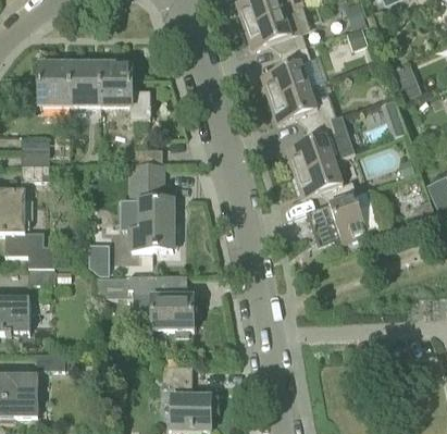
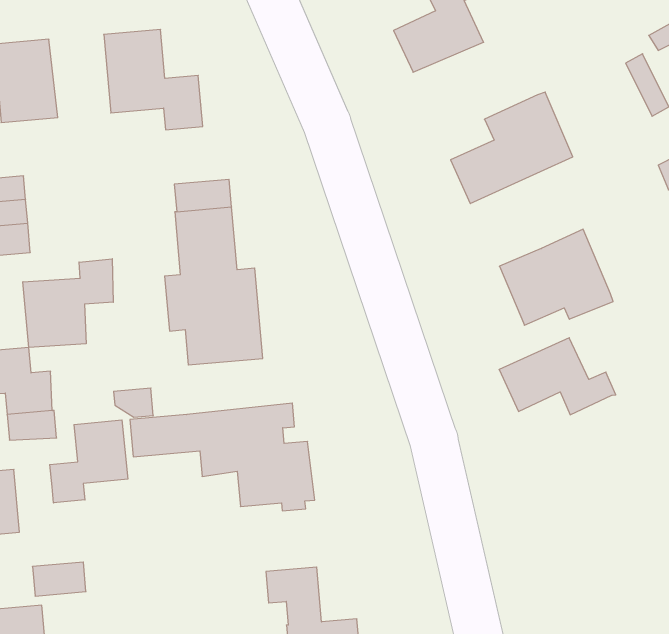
building: [70,62,100,106] -> none
building: [269,85,336,127] -> none
building: [294,159,357,201] -> [499,338,616,415]
building: none -> [23,259,113,347]
building: none -> [50,420,128,503]

